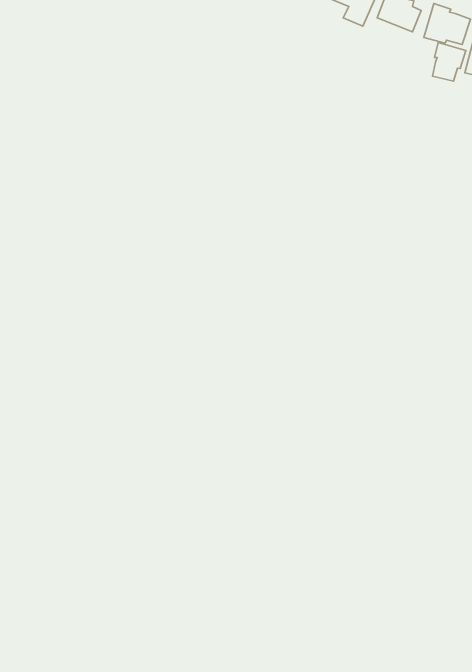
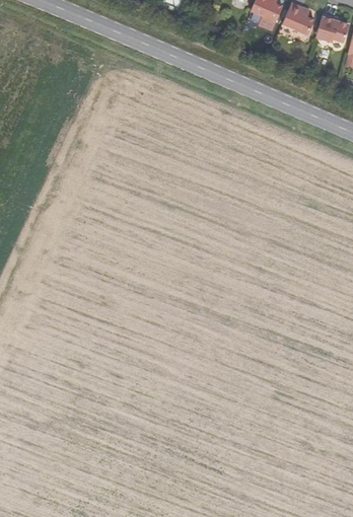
building: [432,43,466,81] -> none

